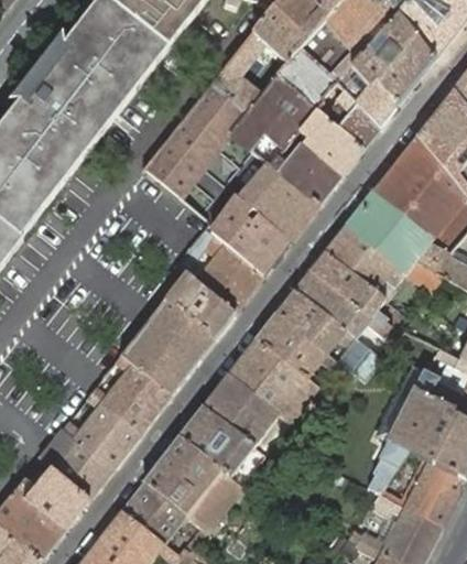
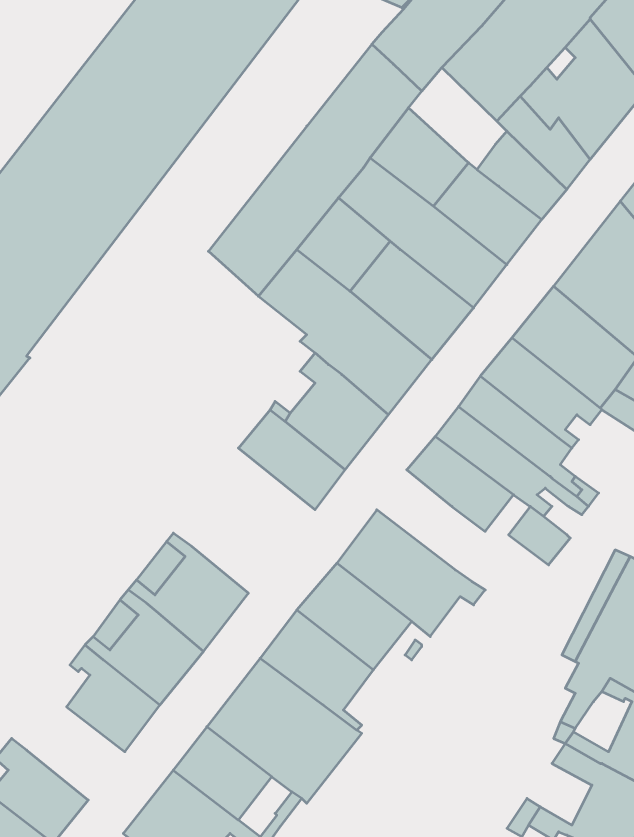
building: [276,46,335,109] -> none
building: [121,297,215,393] -> none
building: [256,312,338,378] -> none
building: [24,467,89,530] -> none

